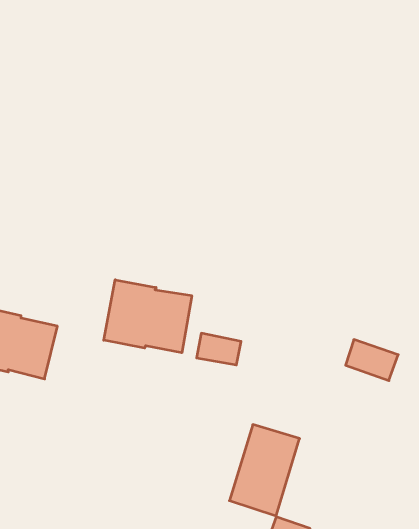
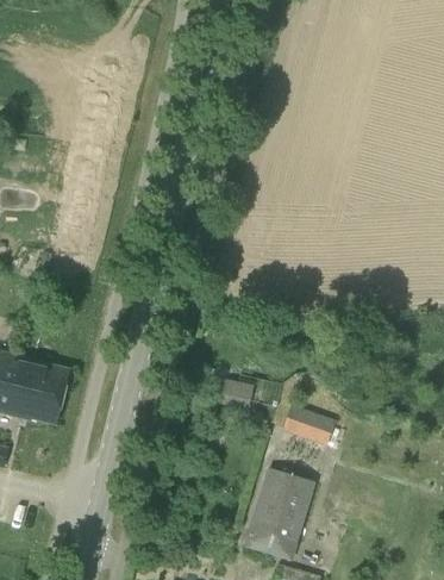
building: [104,280,192,353] -> none
building: [346,340,398,381] -> [284,405,338,447]

